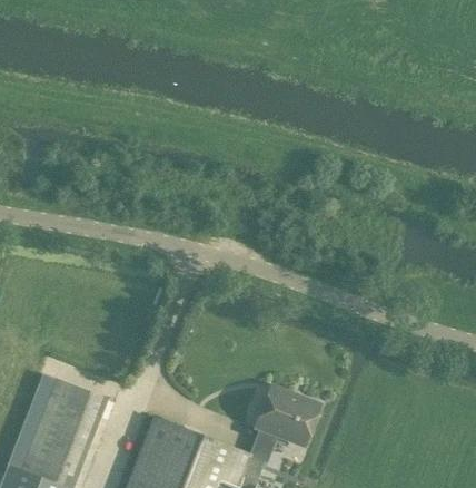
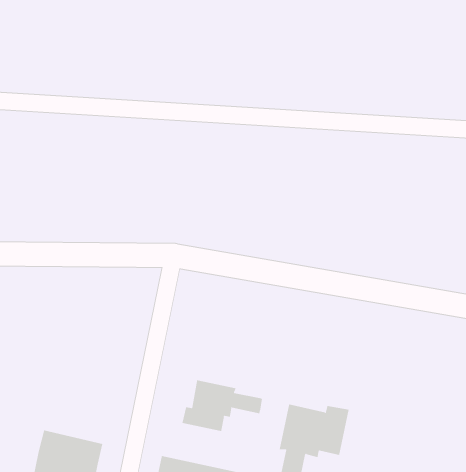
building: none -> [182,380,263,432]

